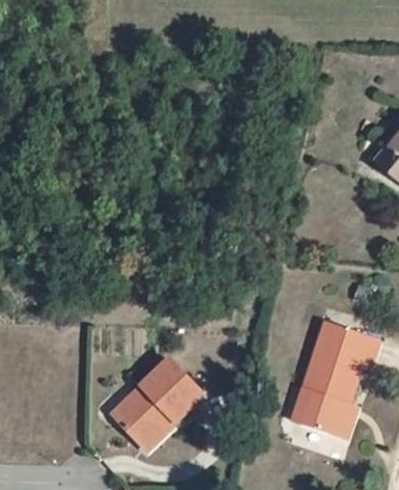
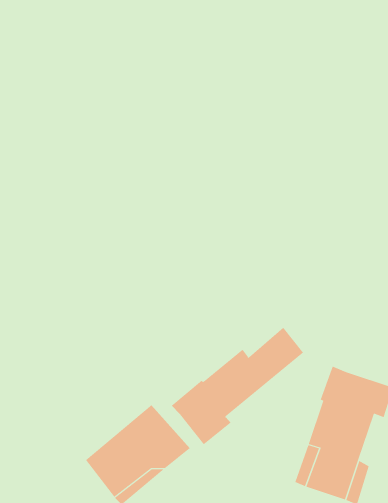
building: none -> [171,327,304,445]

